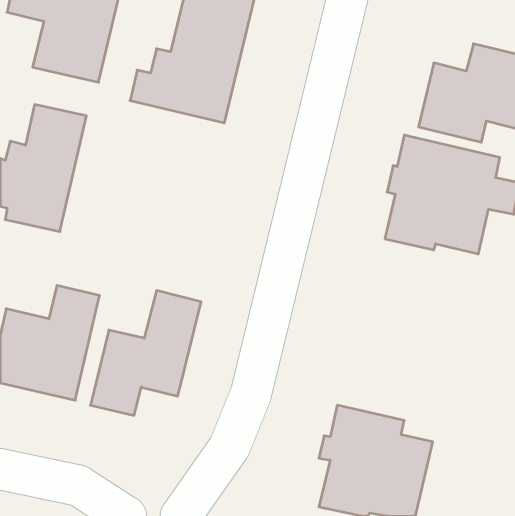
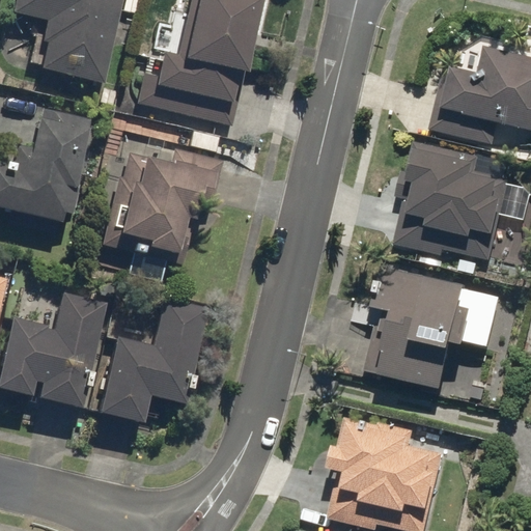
building: none -> [102,149,225,261]
building: none -> [357,266,504,391]

